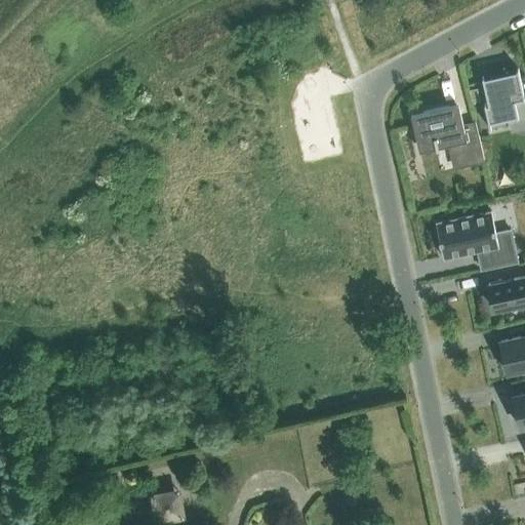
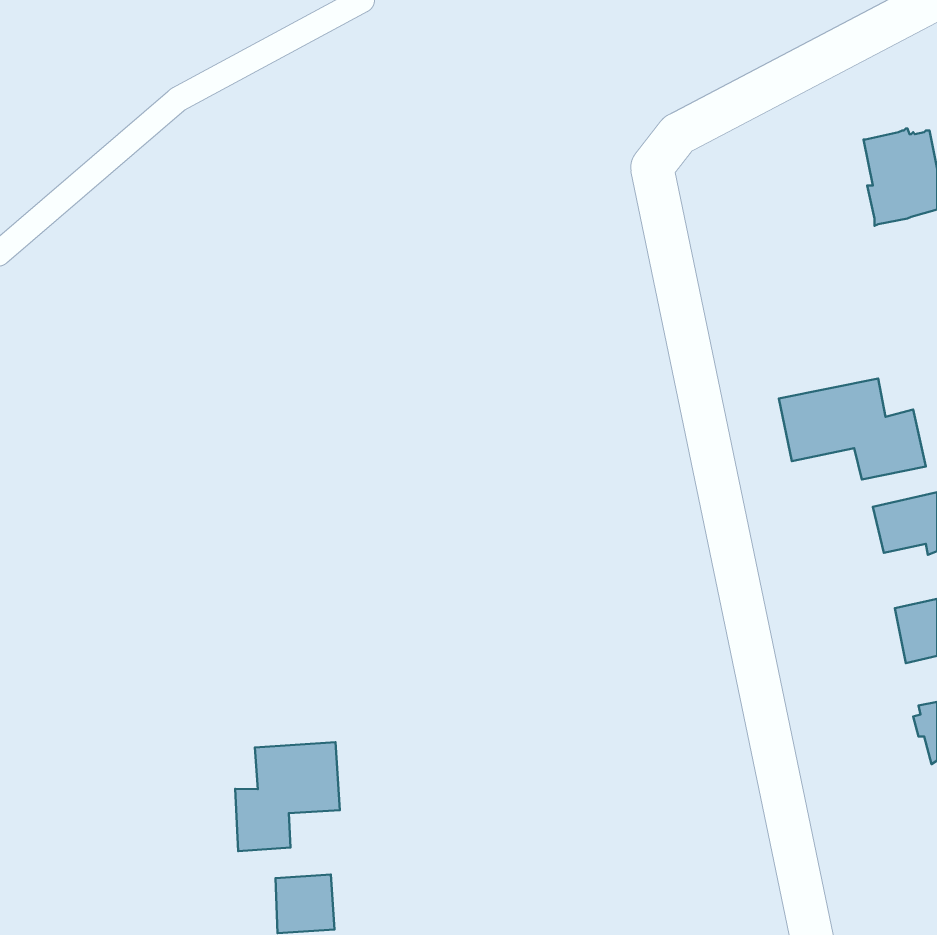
building: [410,105,484,167] -> none
building: none -> [235,742,340,851]

